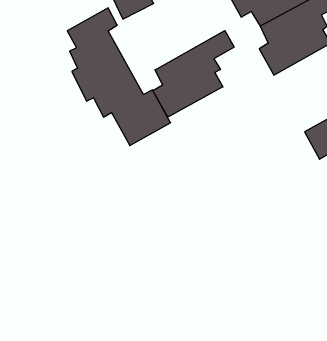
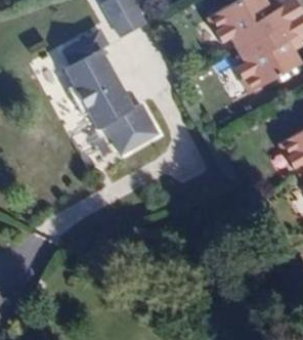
building: [153,31,234,117] -> none

